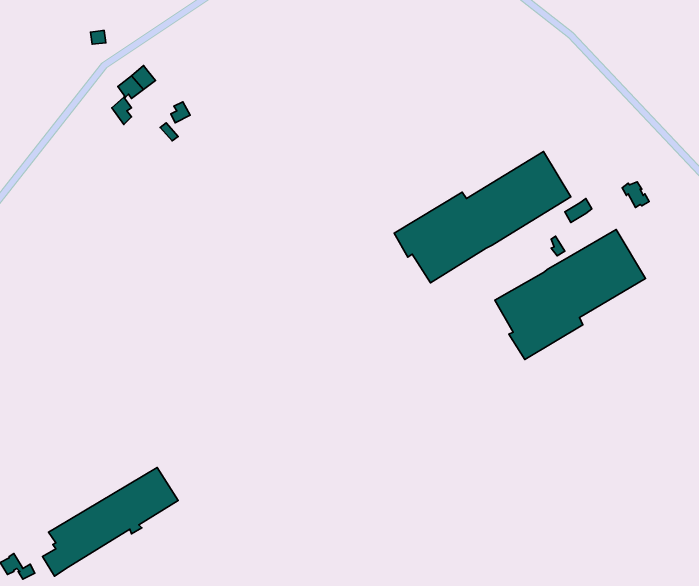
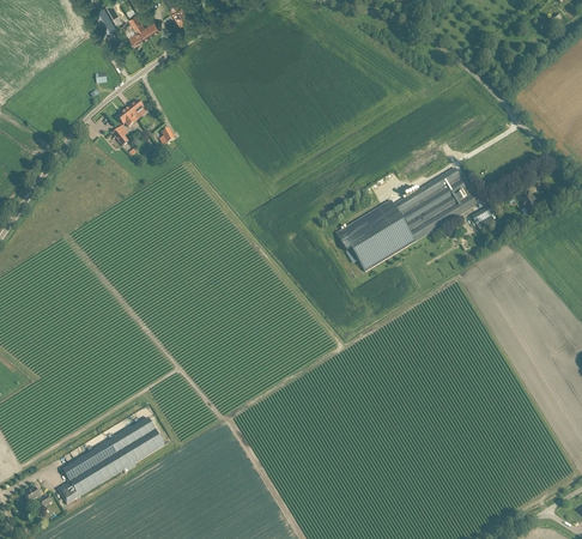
building: [495,229,646,360] -> none

